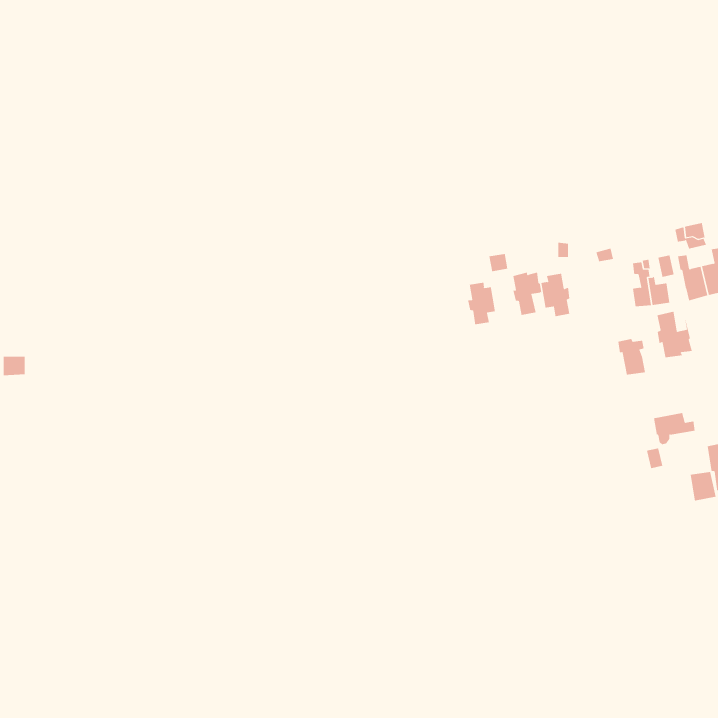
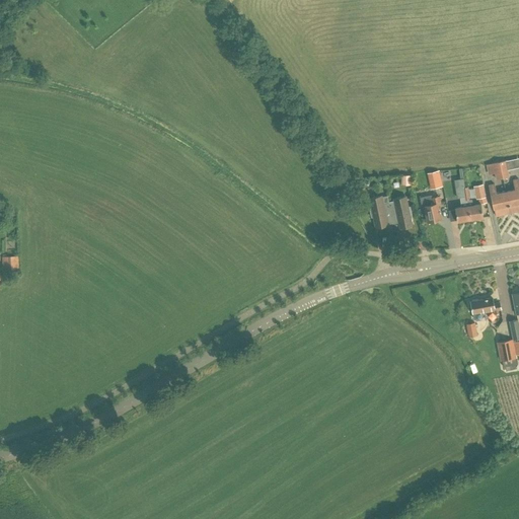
building: [467,282,496,325] -> none
building: [657,309,693,358] -> none
building: [618,339,646,375] -> [422,197,442,223]

